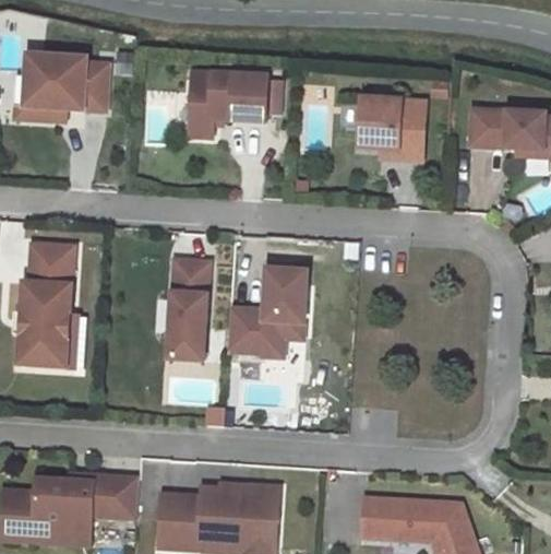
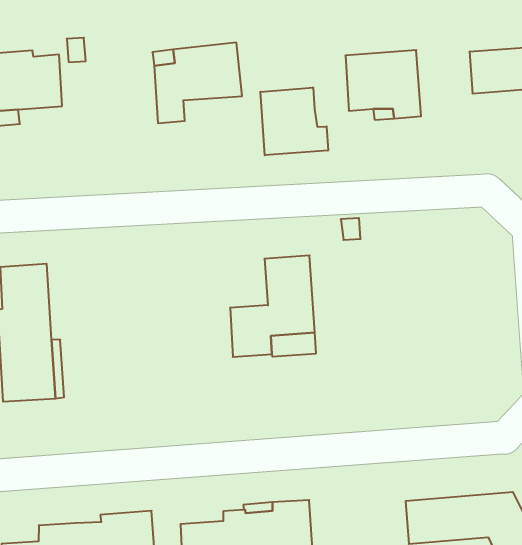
building: none -> [260,87,328,155]
building: [168,258,209,358] -> none

